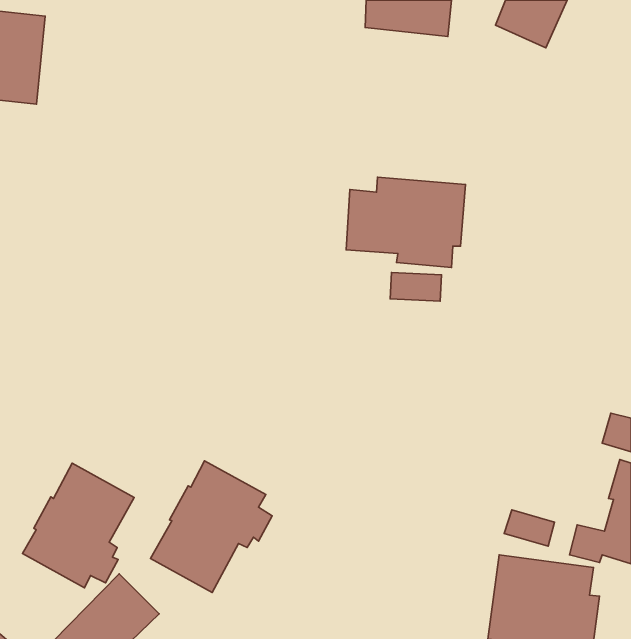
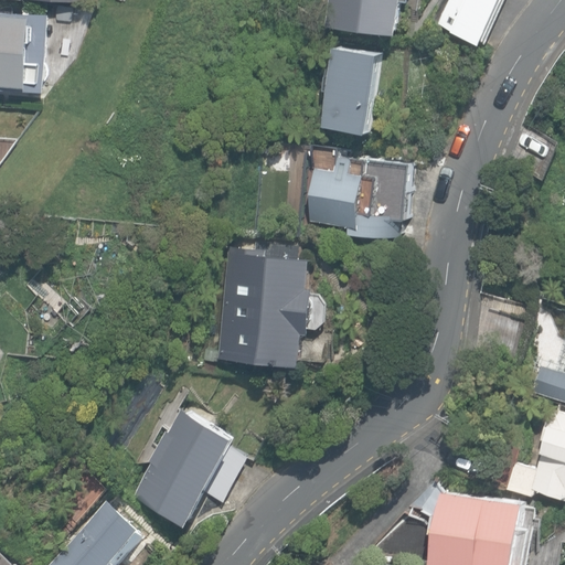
building: none -> [329,43,386,128]
building: none -> [214,252,311,365]
building: [22,463,134,588] -> none

